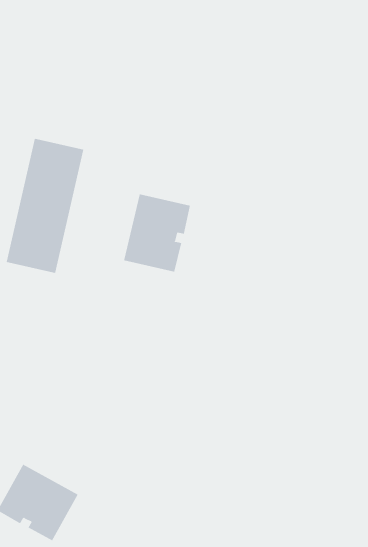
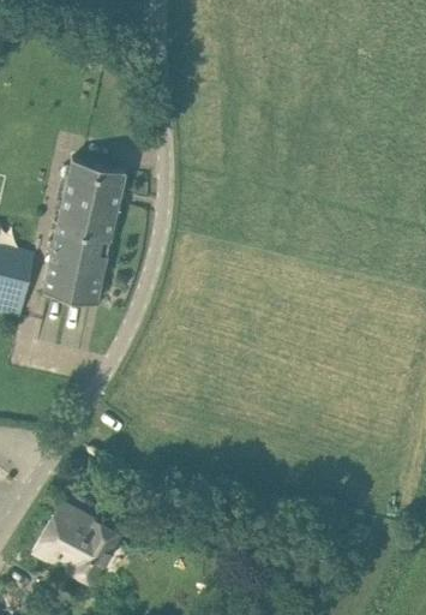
building: [123,193,191,273] -> none

